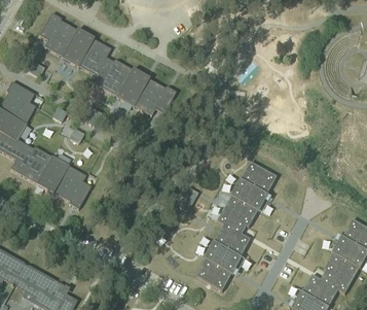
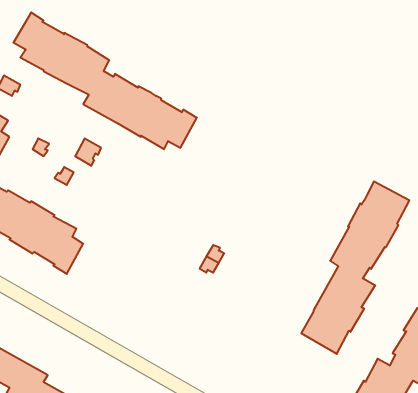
building: [195,161,277,290] -> [301,181,409,354]

